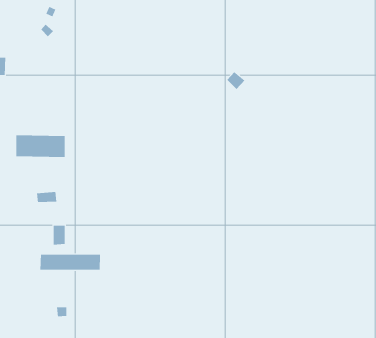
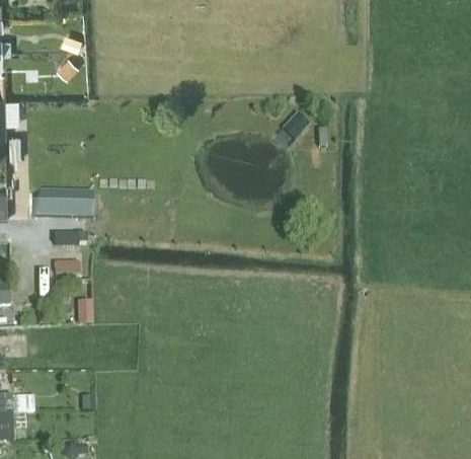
building: [40,254,100,271] -> none

